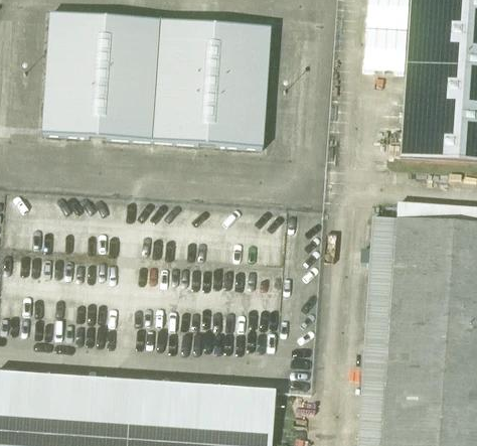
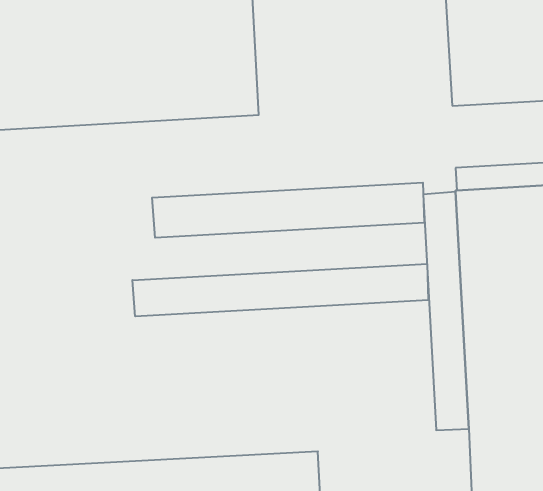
building: none -> [152,183,424,238]
building: none -> [132,264,428,316]

